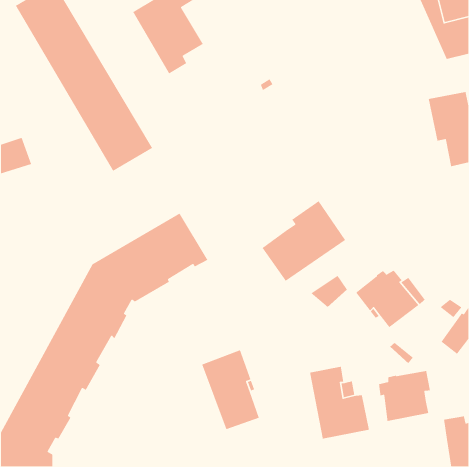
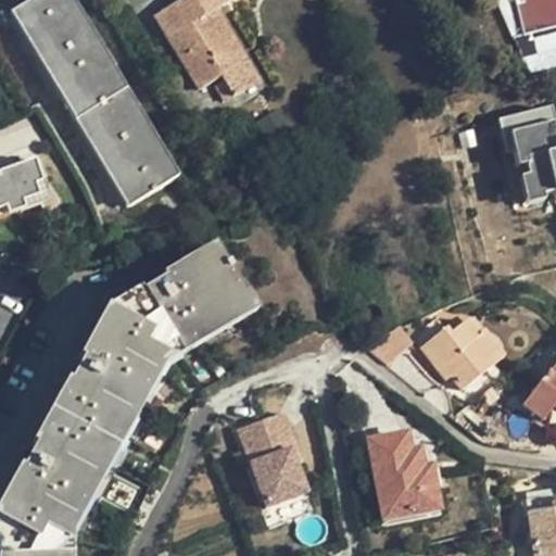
building: none -> [217,52,258,96]
building: [262,200,346,282] -> none
building: [378,370,431,422] -> none

